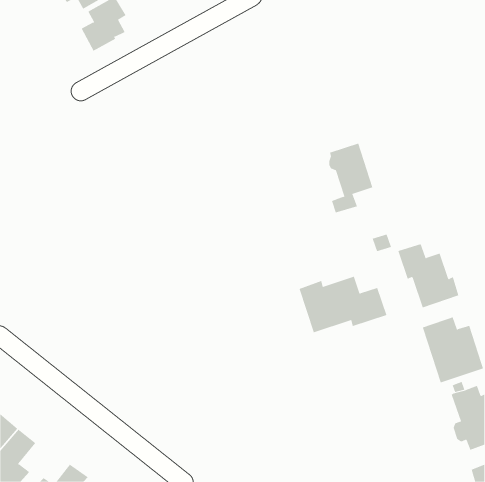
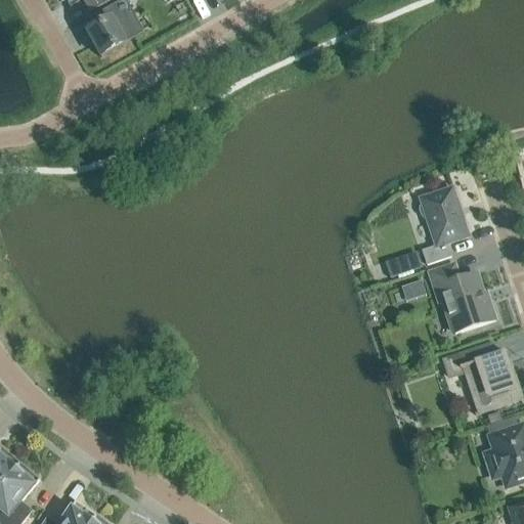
building: [328,143,373,213] -> [419,186,467,262]
building: [299,276,387,333] -> none

